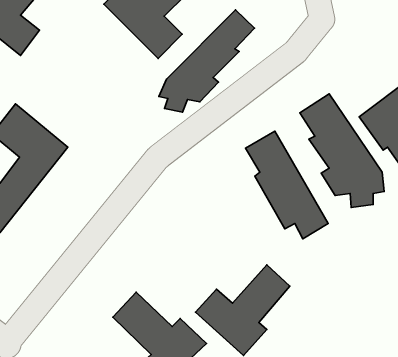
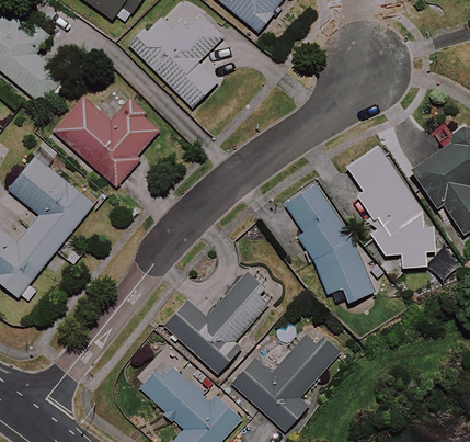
building: [159,10,255,112] -> none
building: none -> [55,98,164,185]
building: none -> [167,272,274,375]

